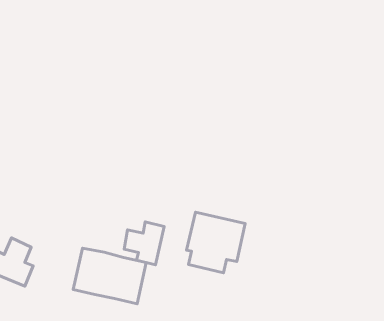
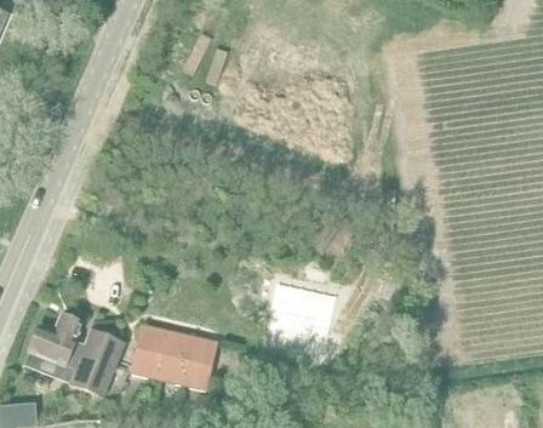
building: [124,222,164,265] -> none
building: none -> [68,329,122,396]

